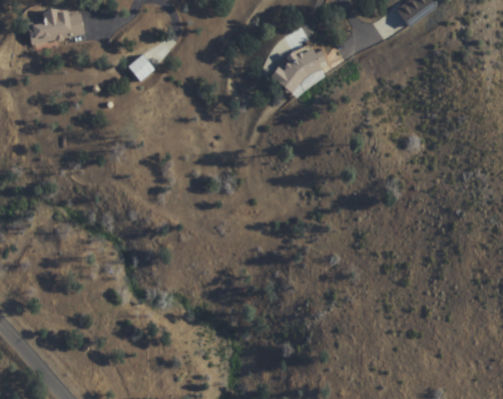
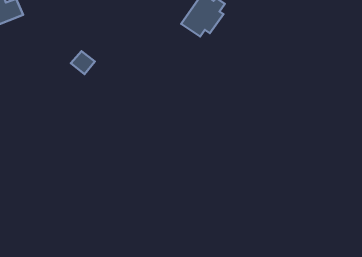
building: [126,54,155,82] -> [71,51,95,74]

